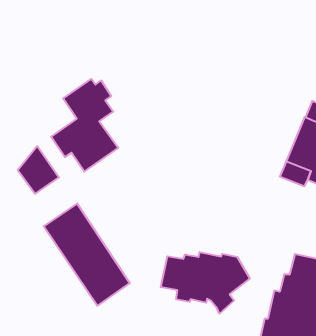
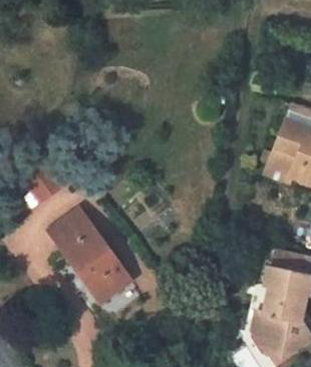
building: [51,79,118,172] -> none
building: [161,252,250,314] -> none

